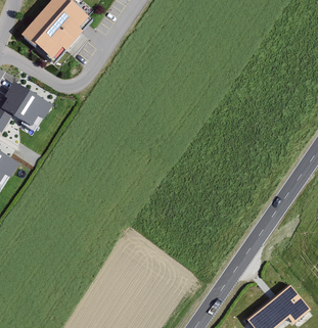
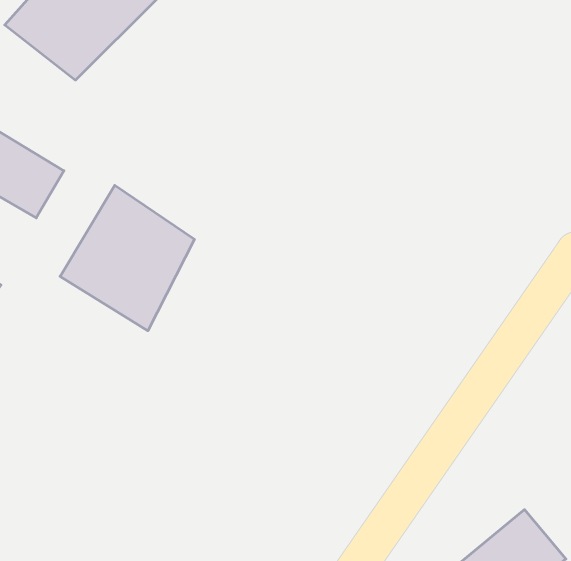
building: none -> [60,185,194,331]

